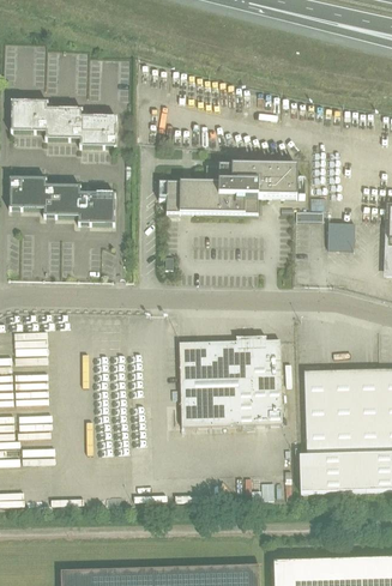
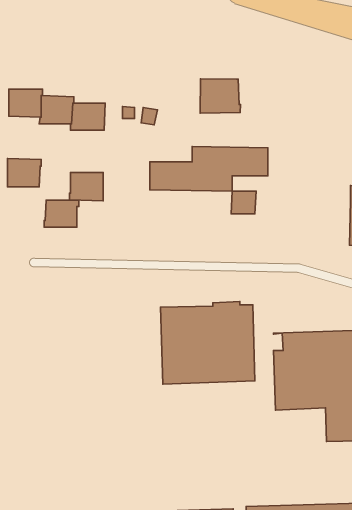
building: none -> [200,79,240,113]
building: [43,186,82,216] -> [44,200,79,227]
building: [327,223,355,248] -> [231,191,256,214]
building: [300,453,362,493] -> none

